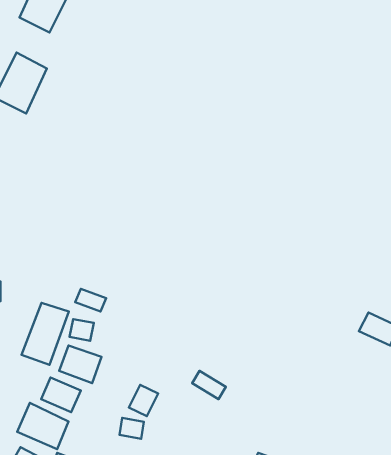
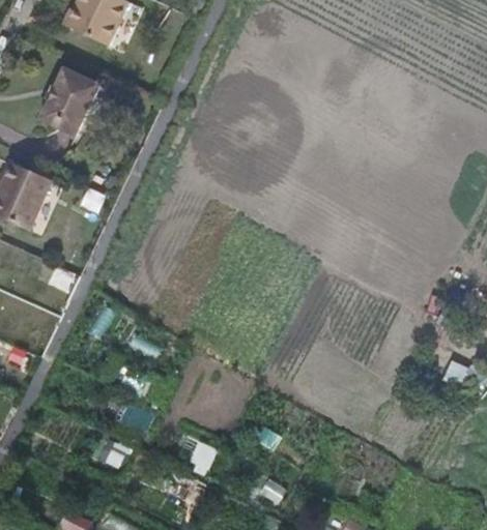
building: [21,303,69,365] -> none
building: [17,403,69,449] -> none

